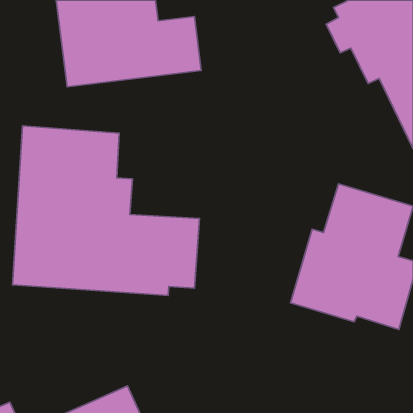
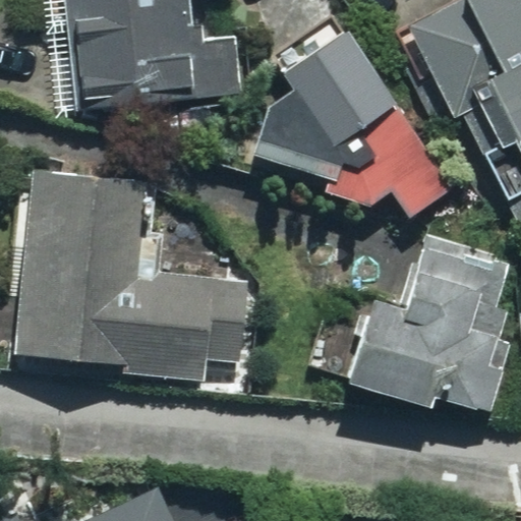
building: none -> [252,28,452,223]

